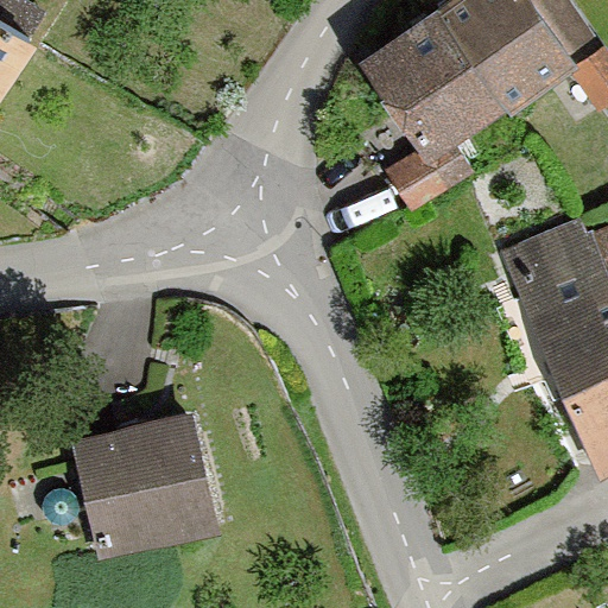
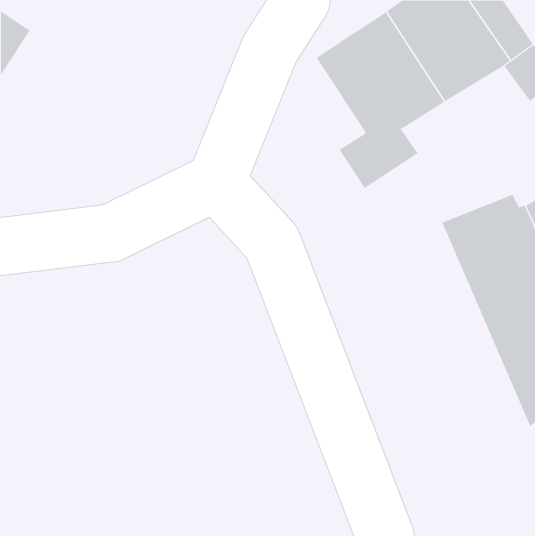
building: [61,395,213,556] -> none

